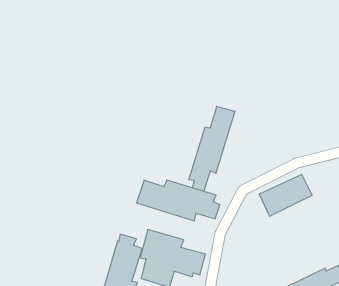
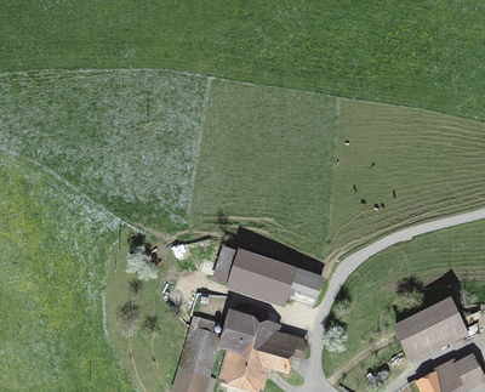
building: [189,106,235,191] -> none
building: [259,174,312,216] -> [396,305,464,358]

